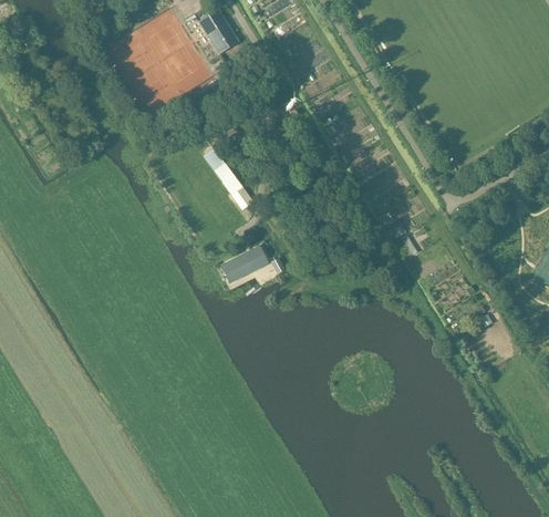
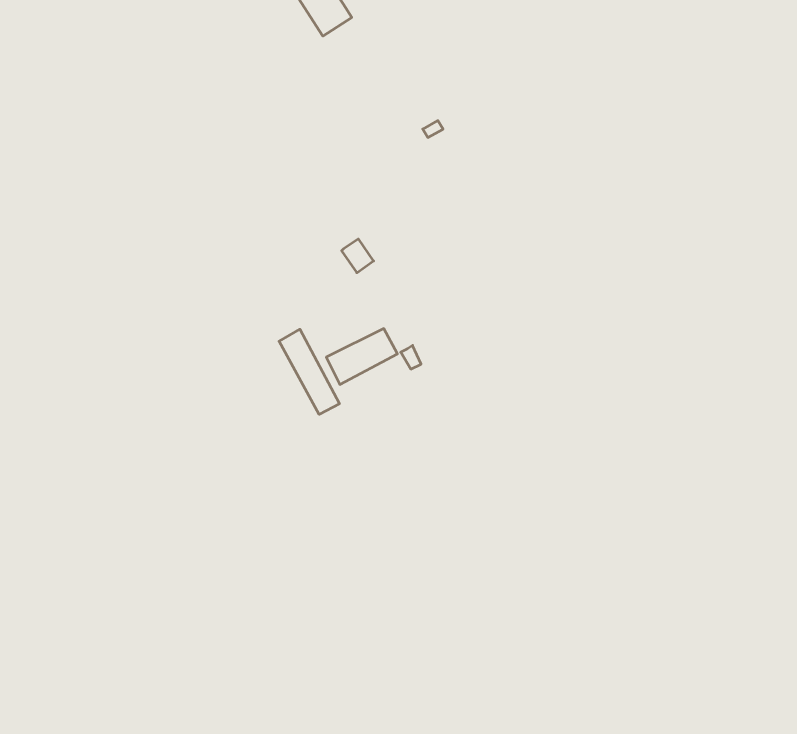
building: none -> [279,329,339,414]

